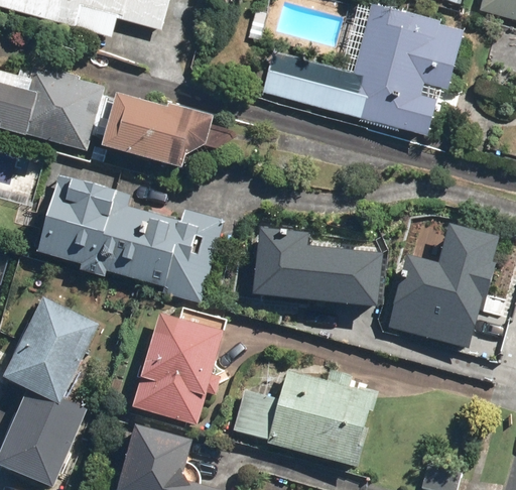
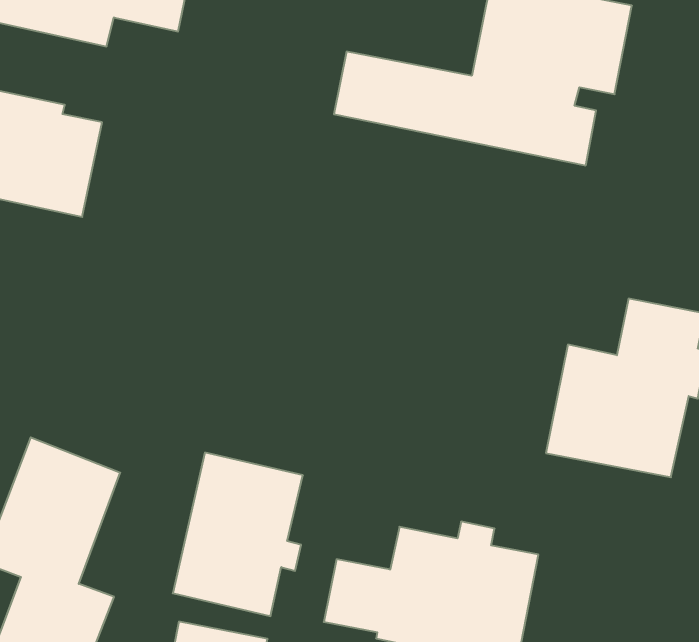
building: [100,93,213,168] -> none
building: [33,172,224,297] -> none
building: [252,227,384,308] -> none

